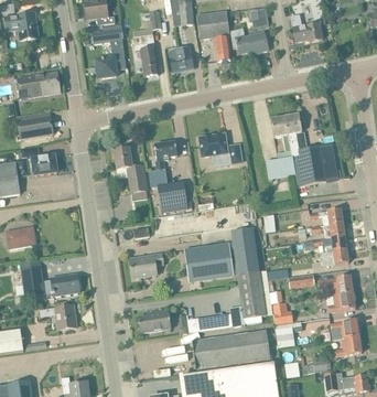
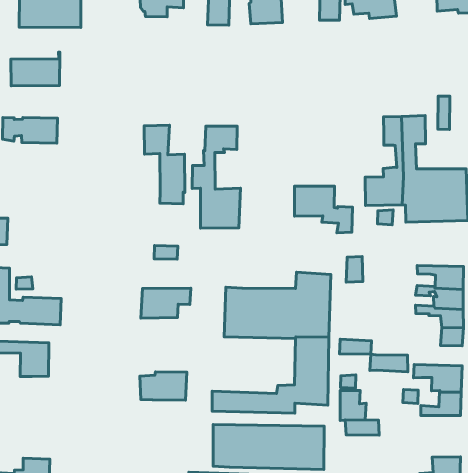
building: [198,132,241,163] -> [295,186,353,233]
building: [330,319,359,340] -> none

